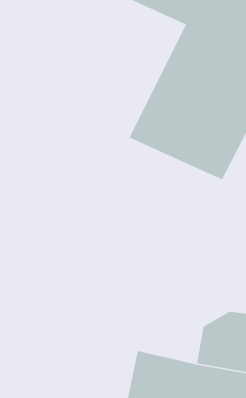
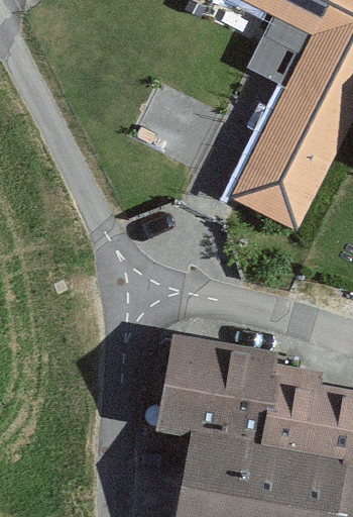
building: none -> [159,339,310,445]

